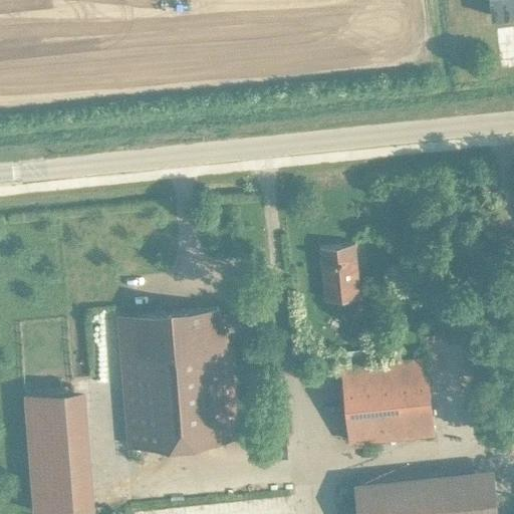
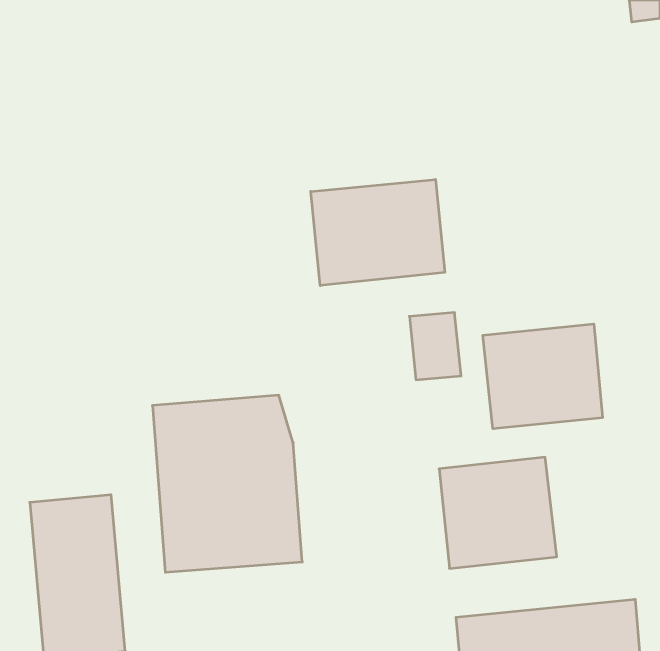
building: none -> [311,179,445,286]
building: none -> [483,324,602,429]

